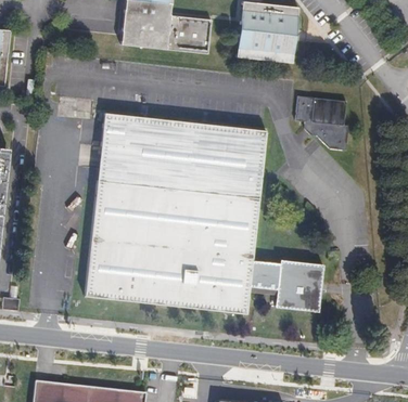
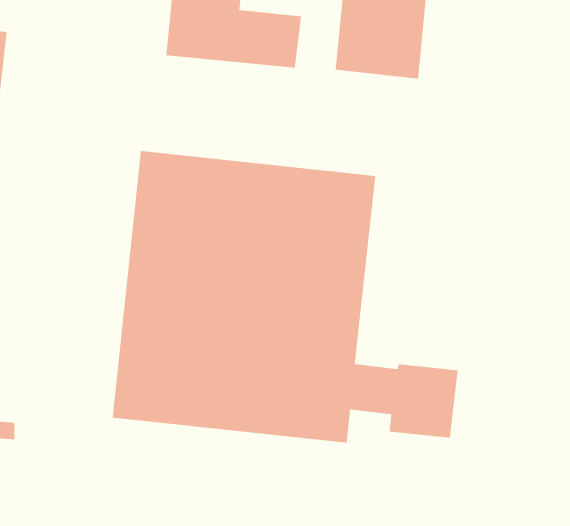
building: [297,93,350,147] -> none

